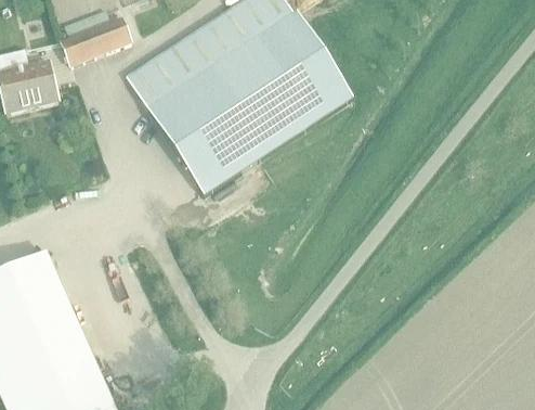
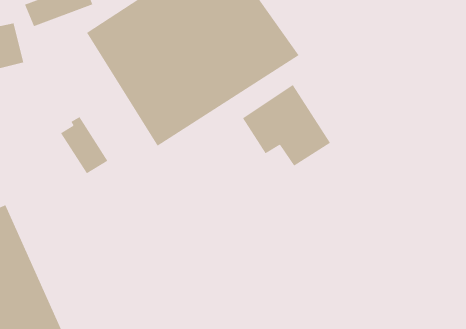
building: none -> [242,84,331,166]
building: none -> [60,116,108,174]

